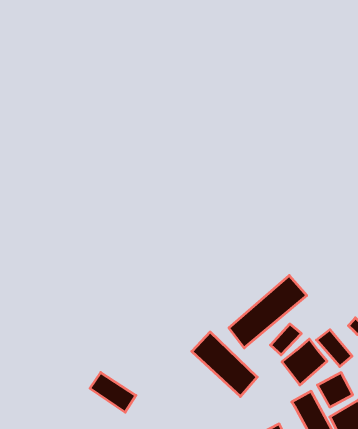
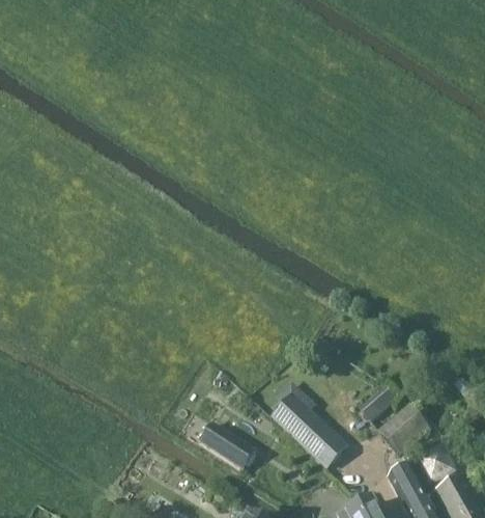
building: [229,275,307,348] -> none
building: [316,330,352,367] -> none
building: [90,372,136,412] -> [201,424,255,470]

